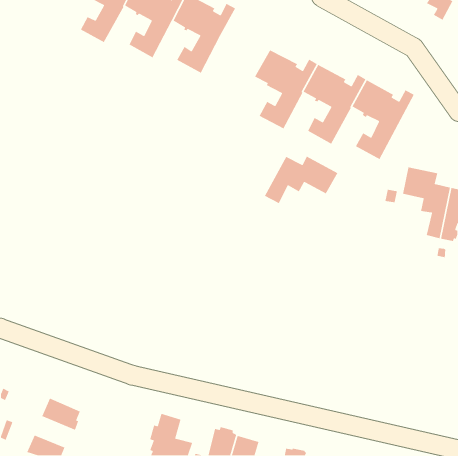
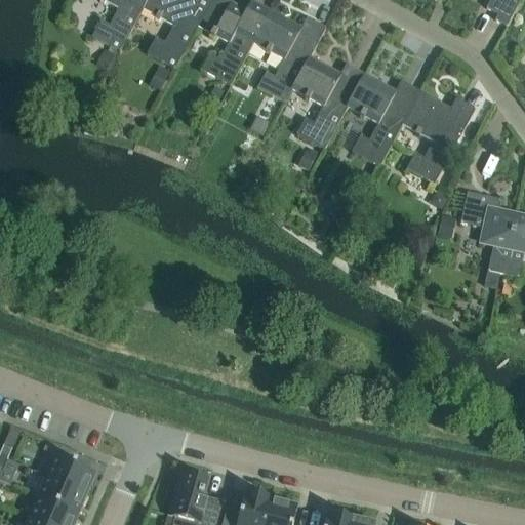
building: none -> [253,9,326,102]
building: [264,155,338,204] -> none
building: none -> [33,472,87,510]

